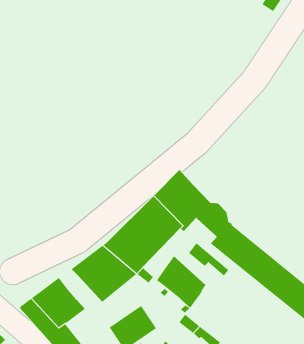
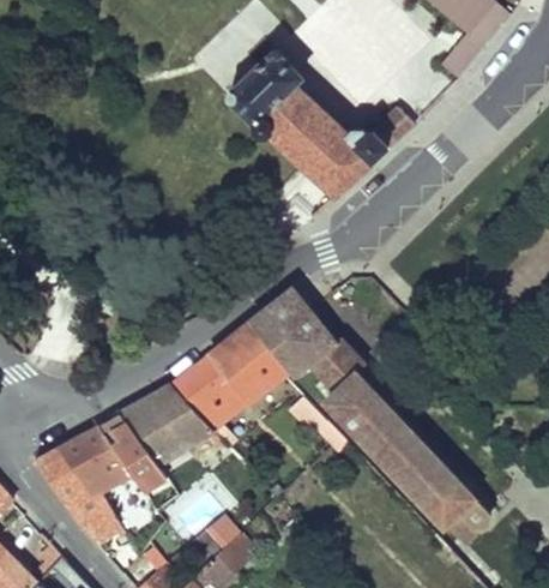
building: none -> [227,50,412,194]
building: [156,256,206,308] -> none
building: none -> [108,424,161,482]

